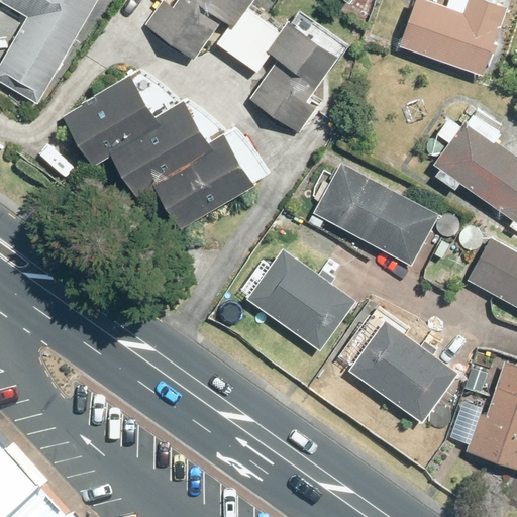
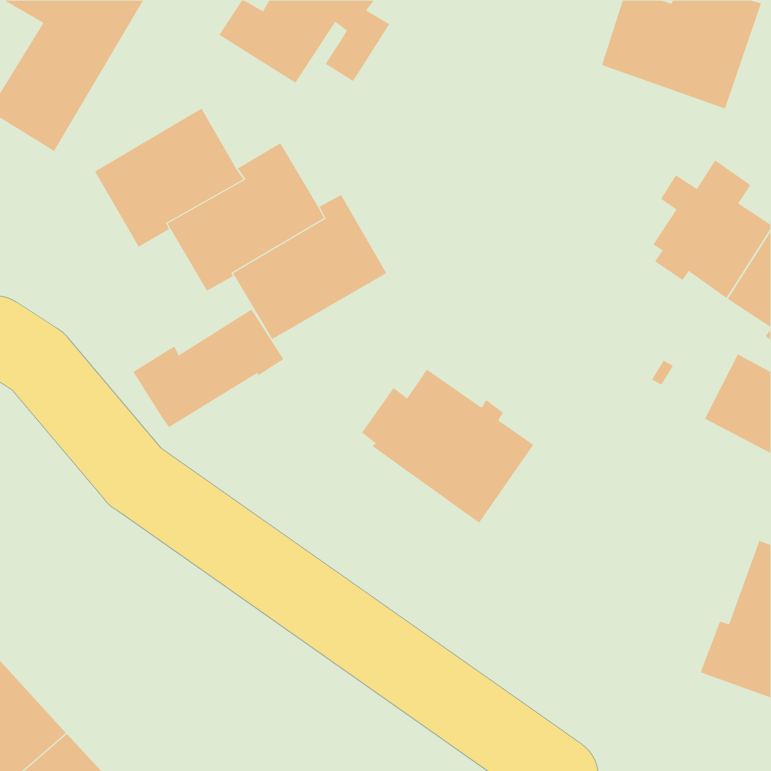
building: [235,19,339,131] -> none
building: [313,161,439,266] -> none
building: none -> [133,309,284,428]
building: [339,314,459,424] -> none

